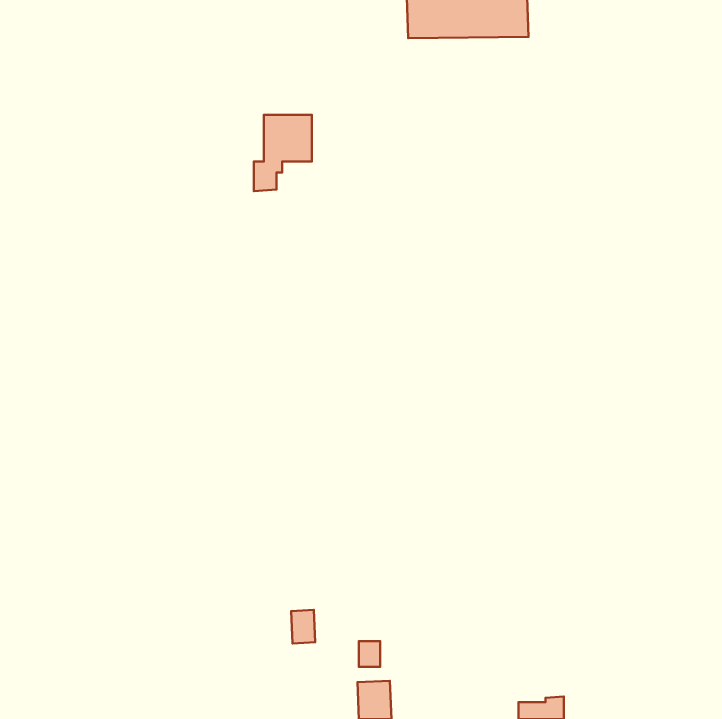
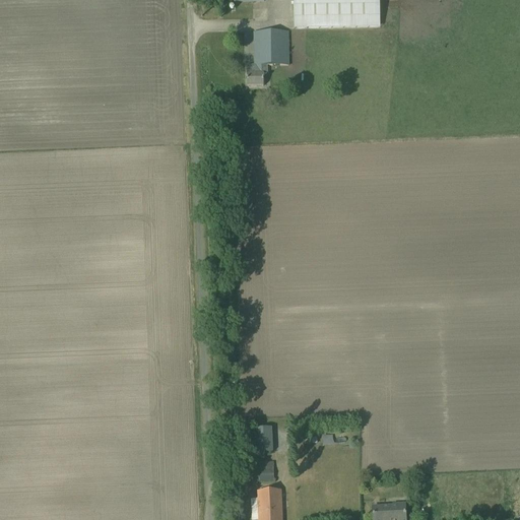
building: [254,115,312,191] -> [247,30,288,85]
building: [291,610,315,644] -> [255,427,272,451]

